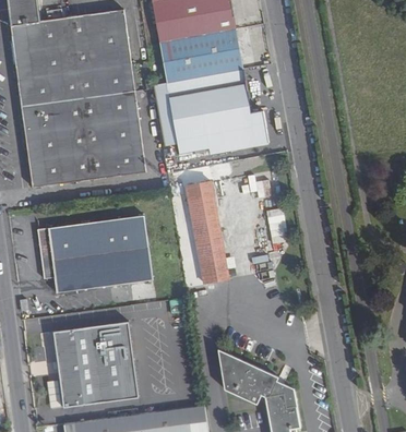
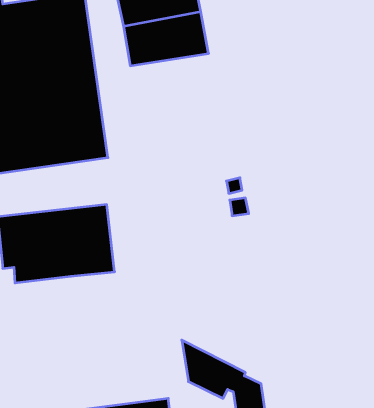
building: [167,70,270,153] -> none
building: [184,182,228,284] -> none
building: [52,323,136,409] -> none

